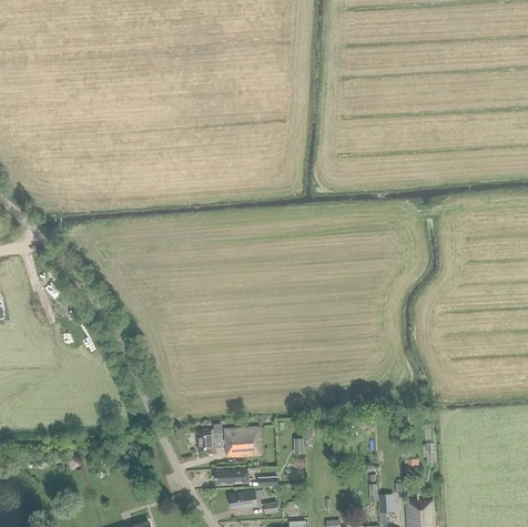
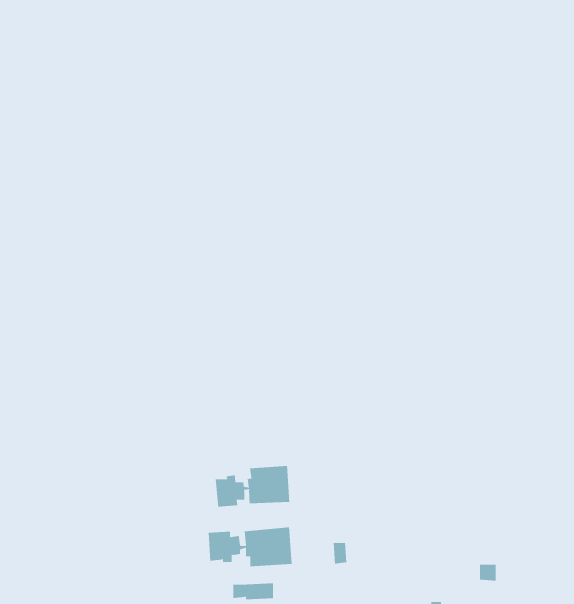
building: none -> [215,465,290,507]

